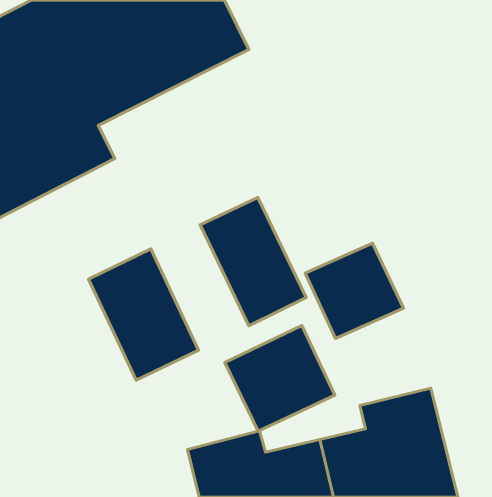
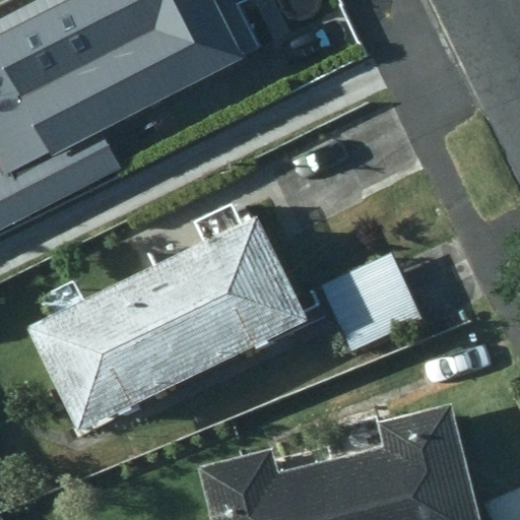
building: none -> [157,235,260,366]
building: none -> [41,278,142,424]
building: [225,325,335,431] -> none

